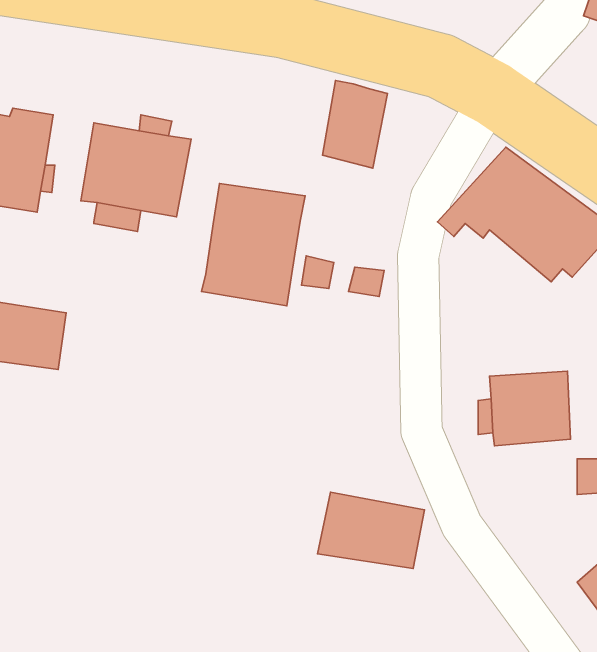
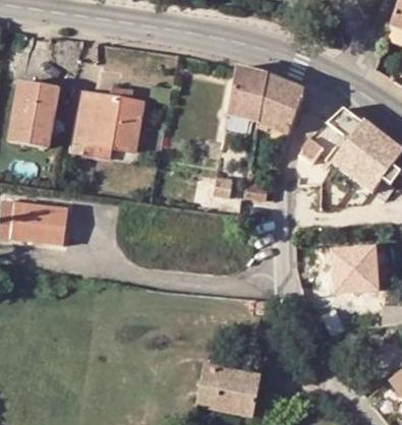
building: none -> [259,72,304,131]
building: [202,183,305,306] -> none
building: [318,492,425,568] -> [192,364,260,412]

